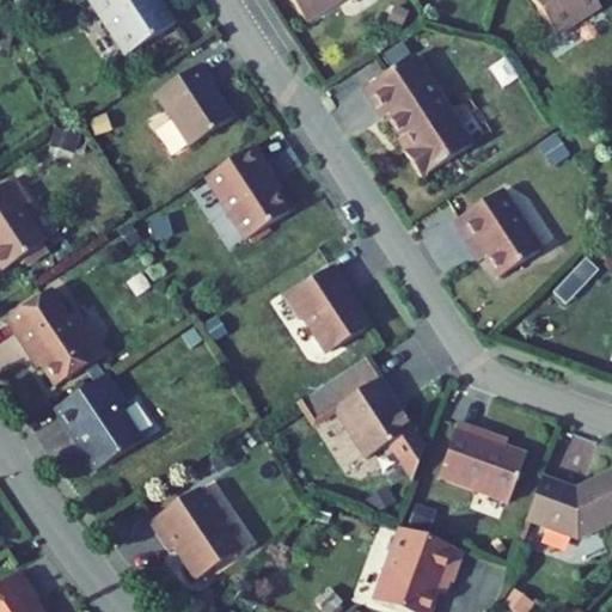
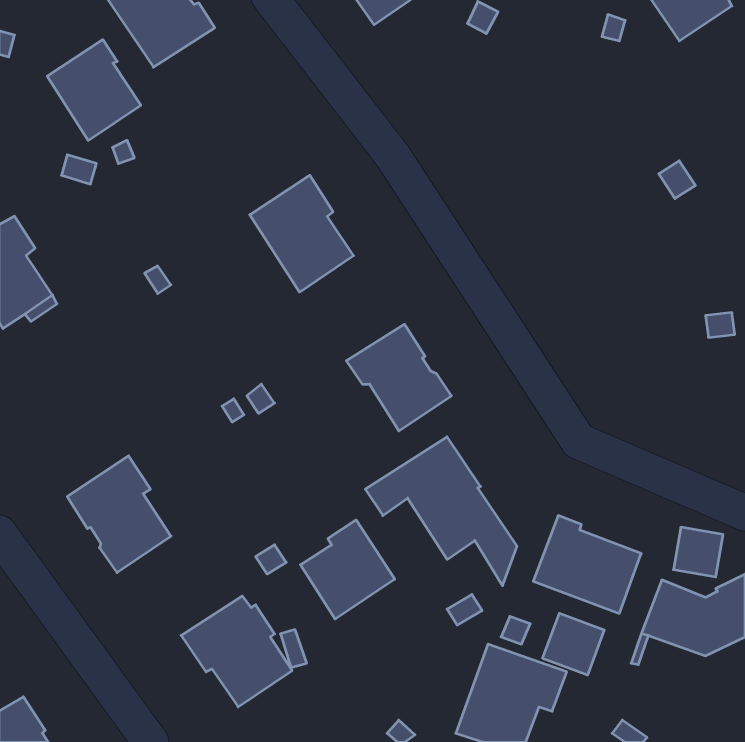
building: [363,54,472,176] -> none
building: [155,62,232,145] -> [47,40,141,140]
building: [453,188,540,276] -> none
building: [6,287,105,385] -> none
building: none -> [300,520,395,619]
building: none -> [543,613,604,675]

